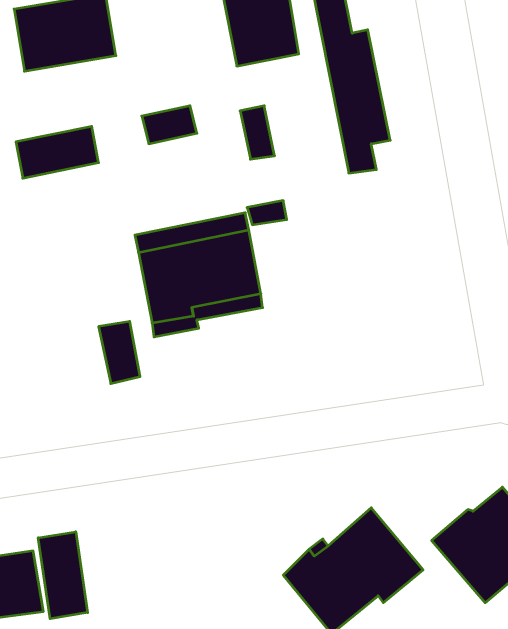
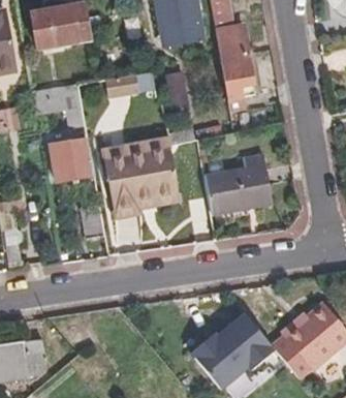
building: none -> [50,137,94,181]
building: none -> [206,154,273,215]
building: [38,532,88,619] -> none

